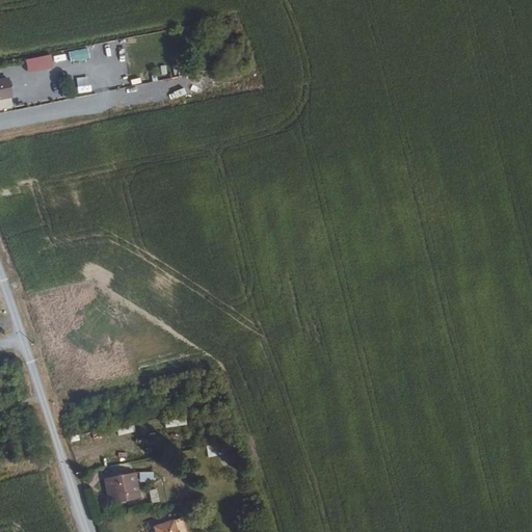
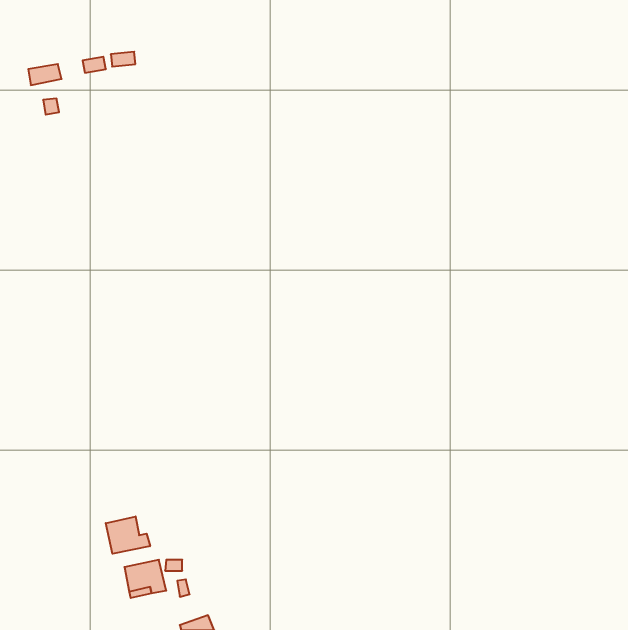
building: none -> [106,516,150,554]

